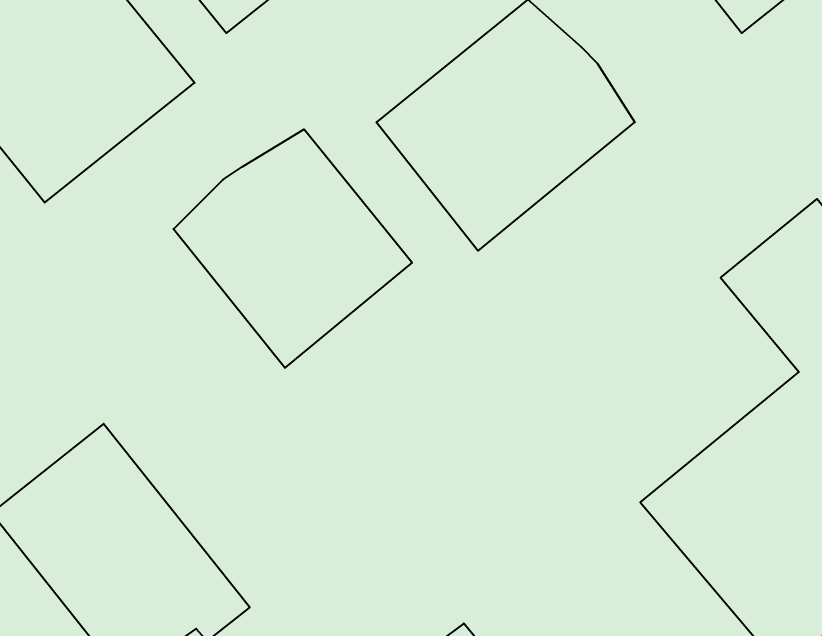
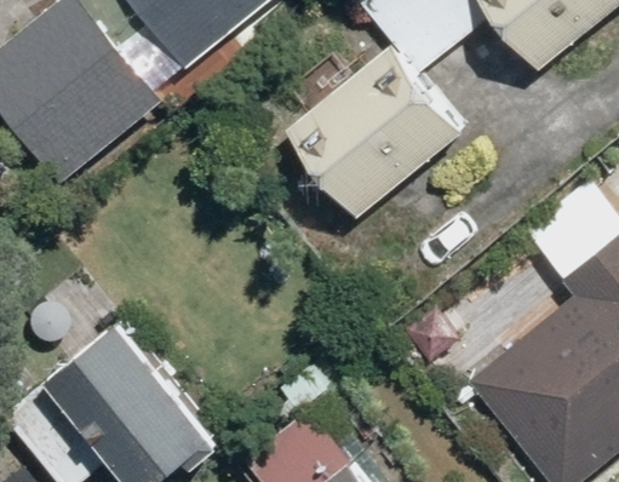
building: [173,129,412,368] -> none

